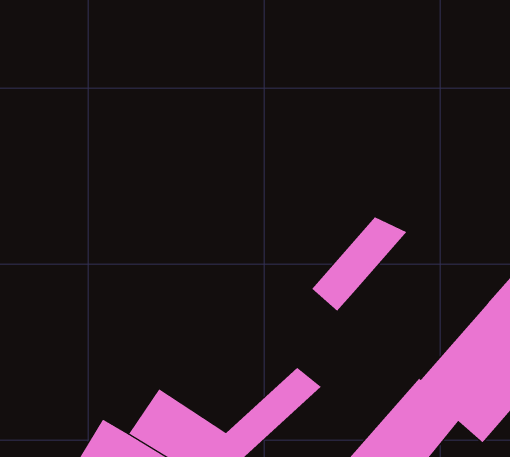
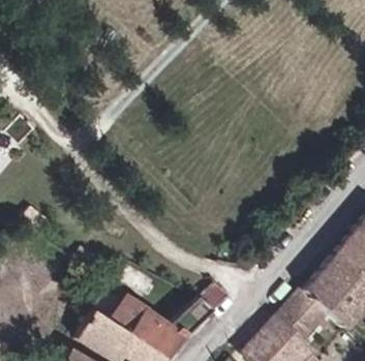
building: [311,217,407,312] -> none

